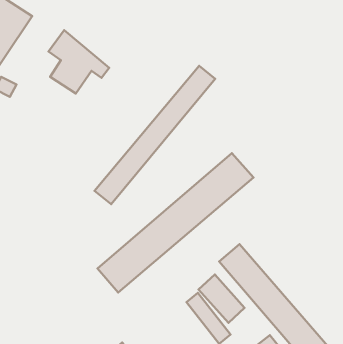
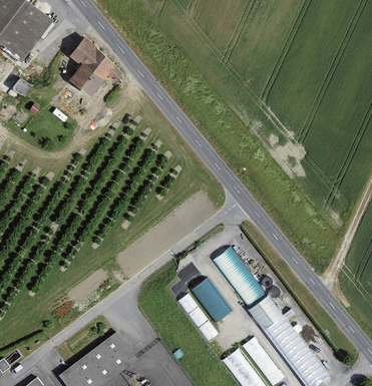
building: [94,66,215,204] -> none
building: [98,153,253,292] -> none

